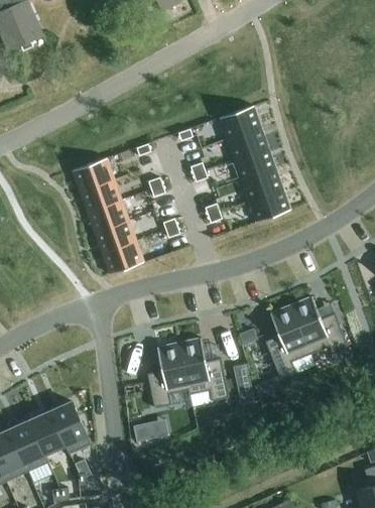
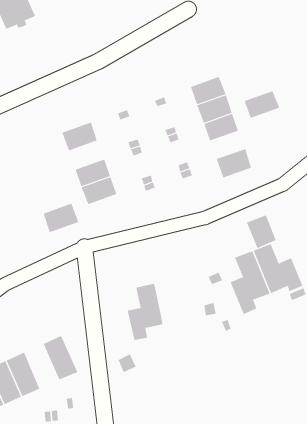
building: [242,167,283,200] -> [244,90,280,119]
building: [81,178,122,212] -> none
building: [103,240,144,274] -> [43,203,79,233]
building: none -> [246,214,277,249]
building: [179,338,230,400] -> none
building: [30,411,70,463] -> none

